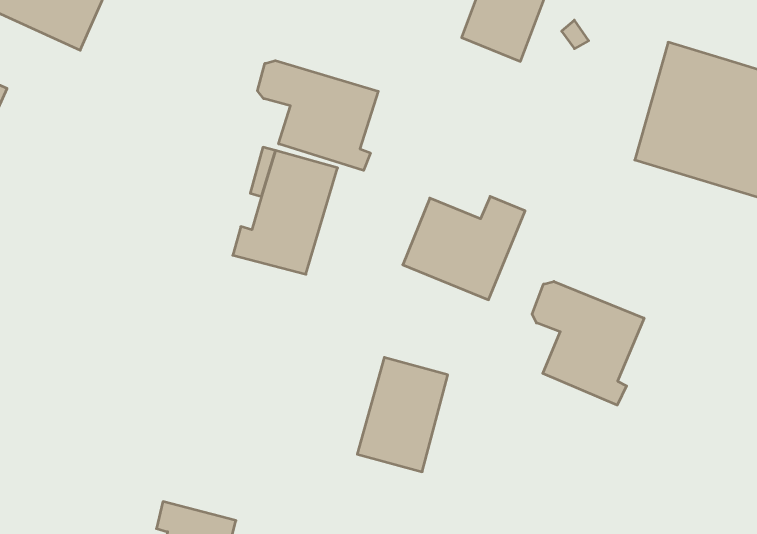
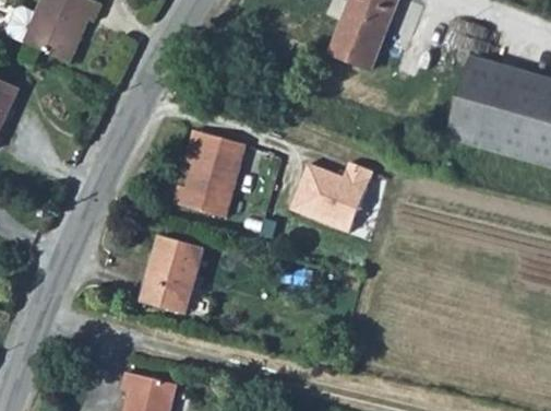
building: [257,61,378,170] -> none
building: [532,281,644,405] -> none
building: [357,357,448,472] -> [142,235,204,314]

